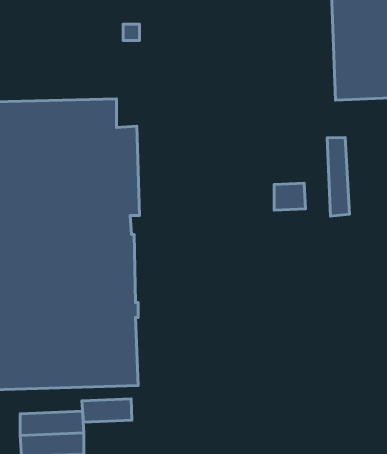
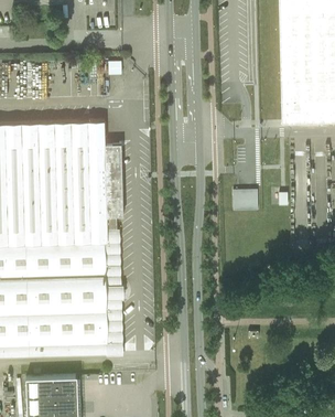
building: [327,138,350,216] -> none
building: [82,399,132,422] -> none

